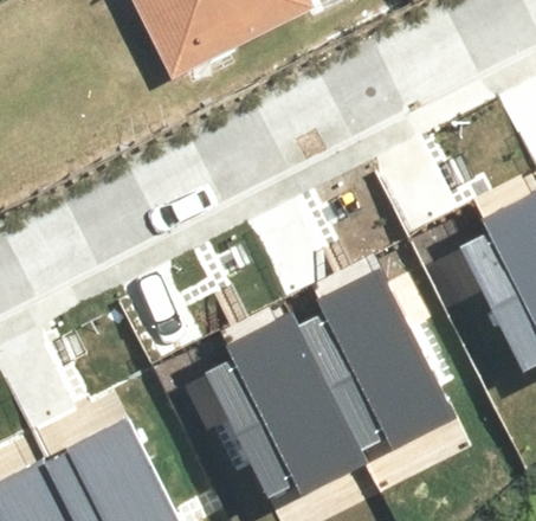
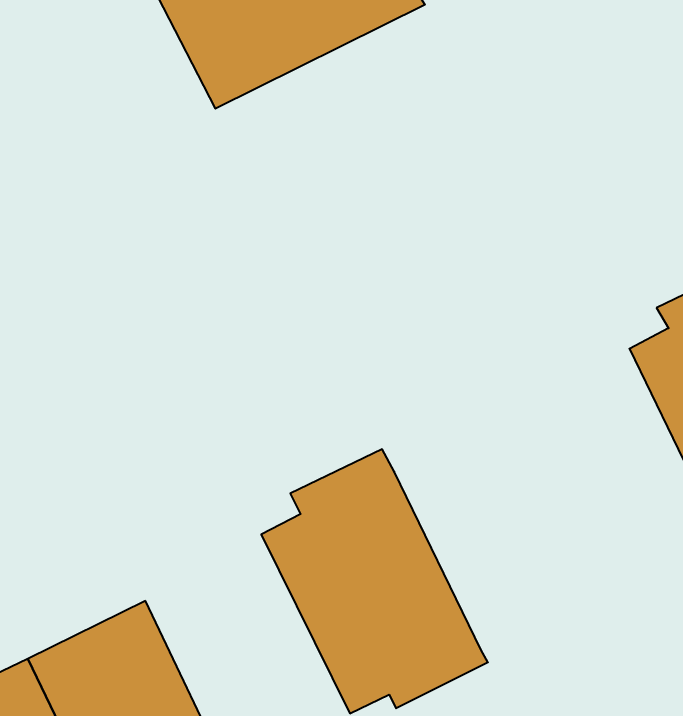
building: [298,270,454,455] -> none

